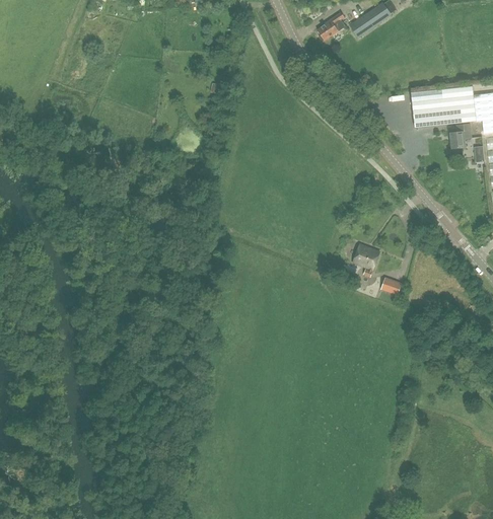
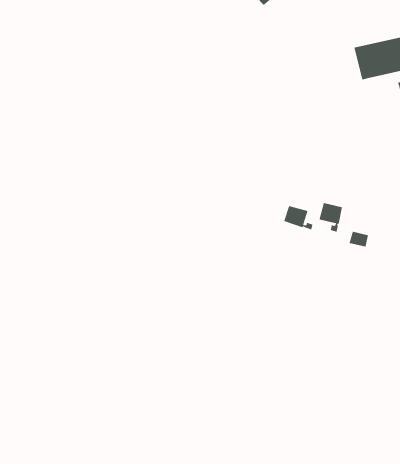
building: none -> [283,205,313,231]

